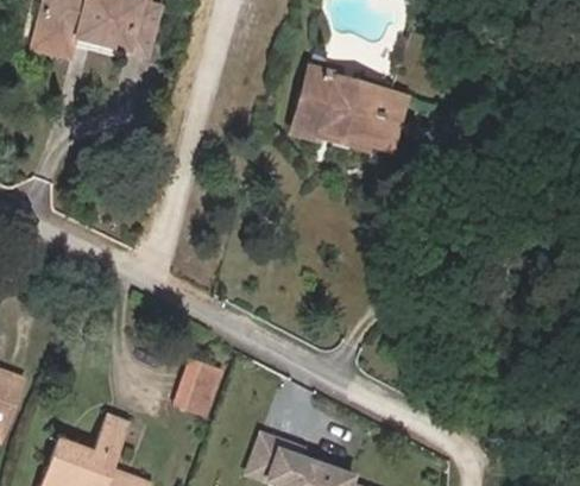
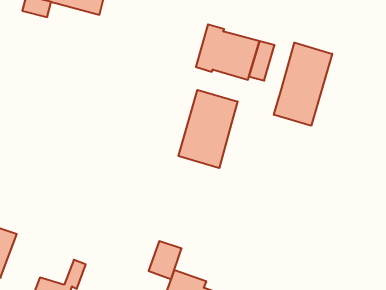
building: none -> [274,43,332,126]
building: none -> [178,90,238,168]
building: [175,359,223,415] -> [149,241,182,279]

